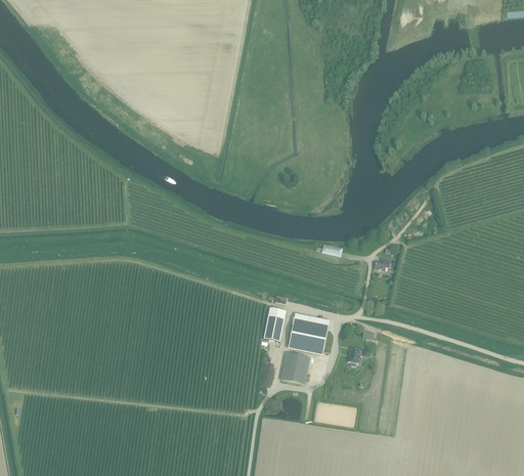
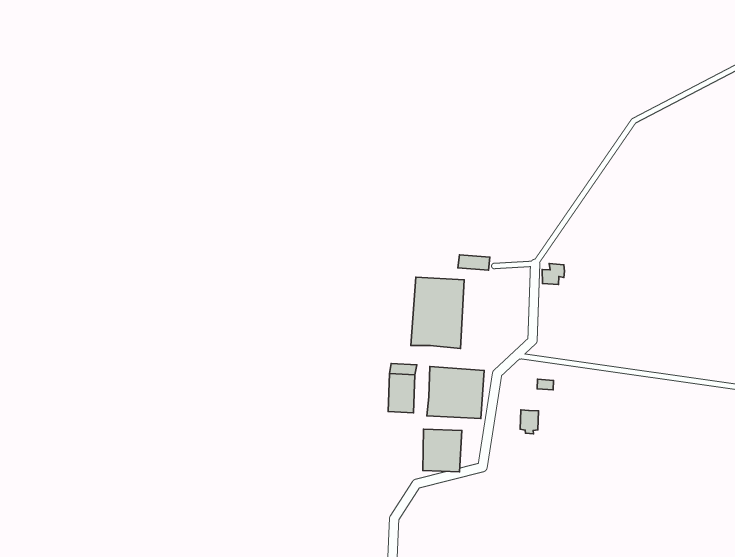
building: none -> [411,277,464,349]

